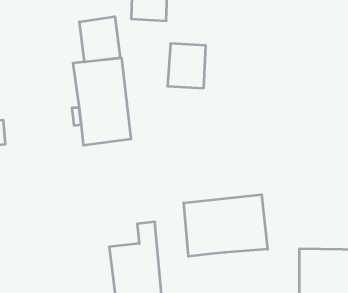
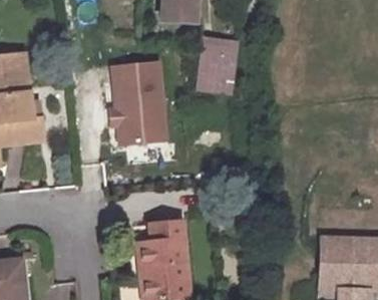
building: [79,17,120,62] -> none
building: [184,195,268,256] -> none

